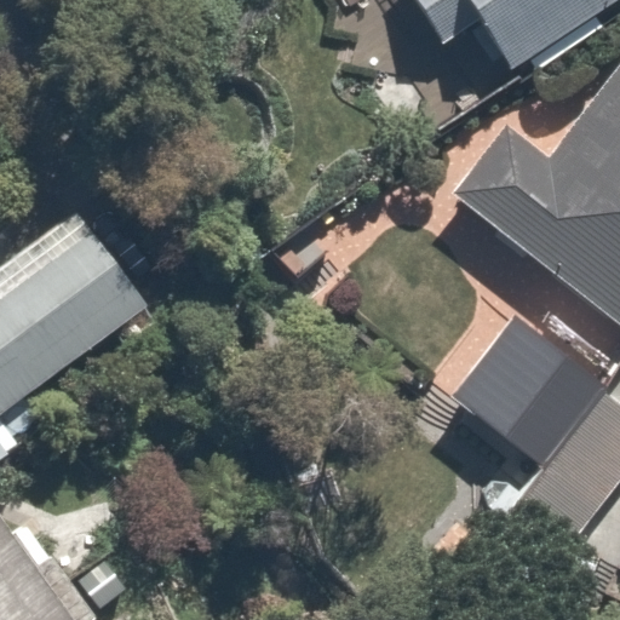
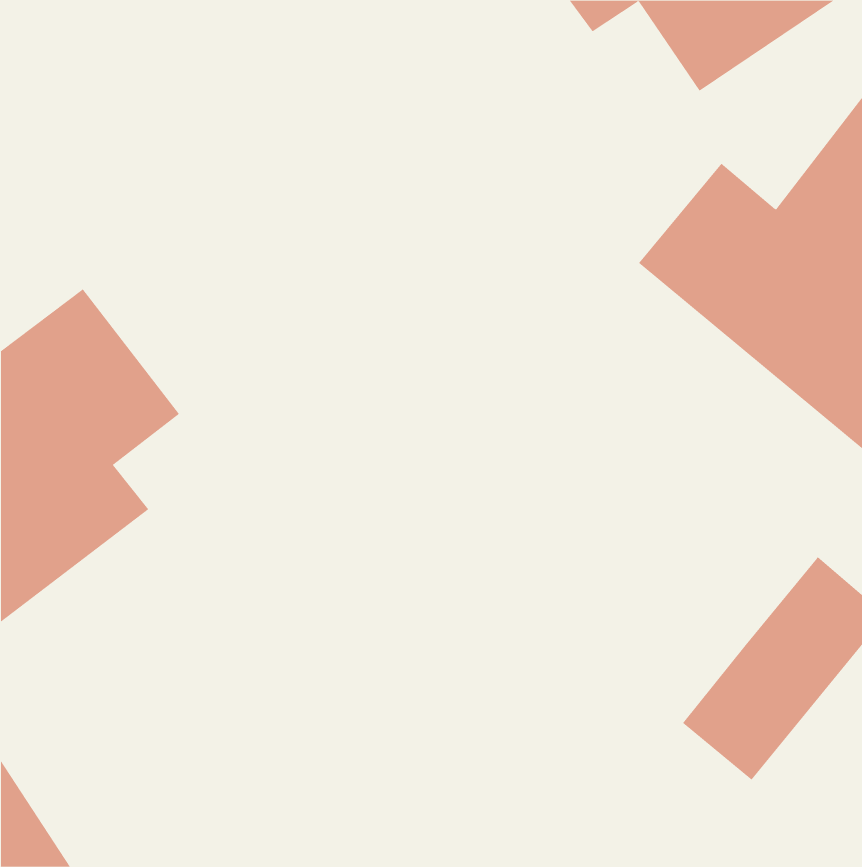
building: [443,328,596,460] -> none

